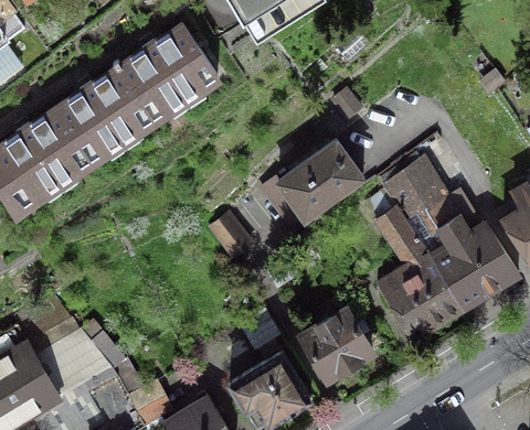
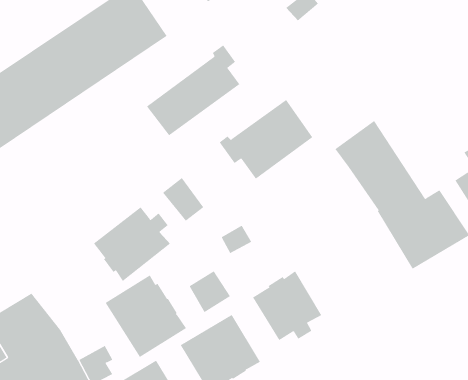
building: none -> [146,45,240,136]
building: [377,206,460,338] -> none
building: none -> [93,206,171,282]
building: none -> [105,274,187,358]

